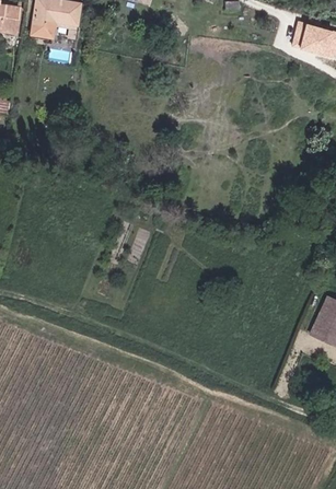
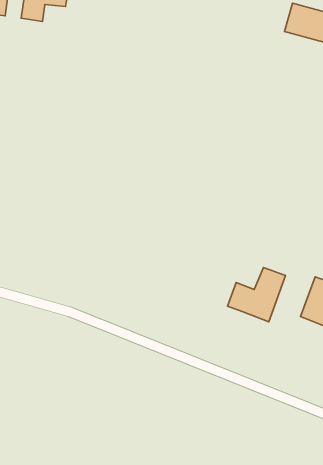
building: none -> [228,268,286,322]

